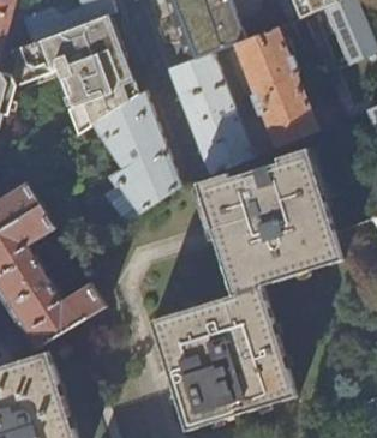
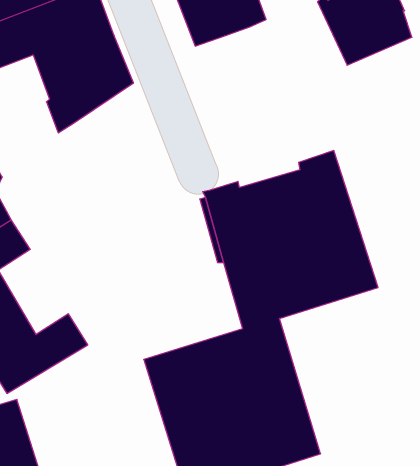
building: [234,31,315,145] -> none
building: [170,54,252,172] -> none
building: [91,89,181,212] -> none

